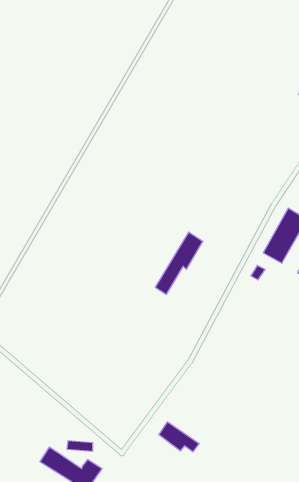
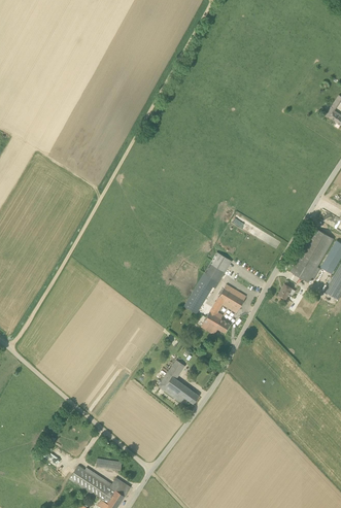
building: none -> [201,284,244,334]
building: [159,422,199,452] -> [159,374,199,404]

